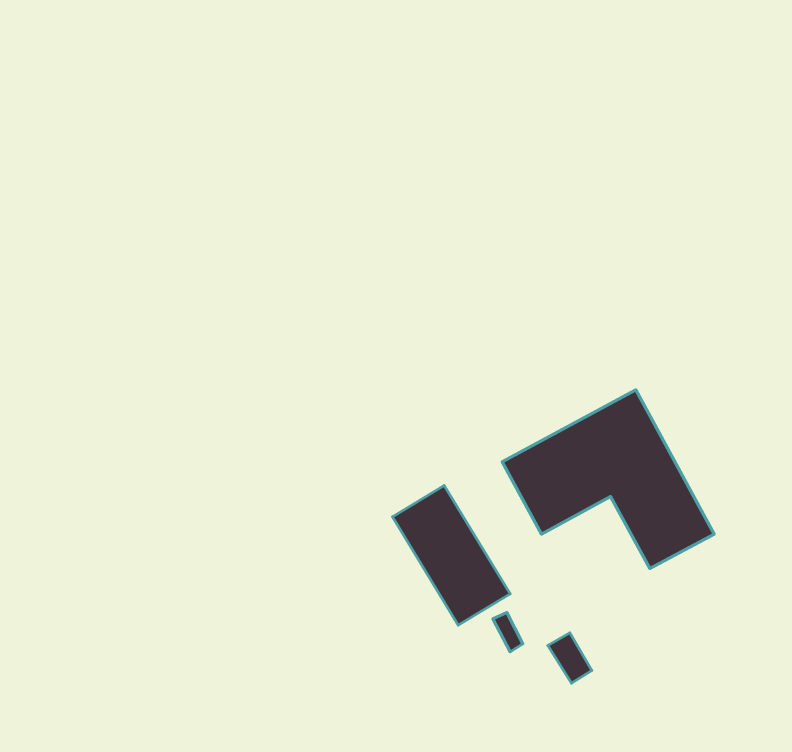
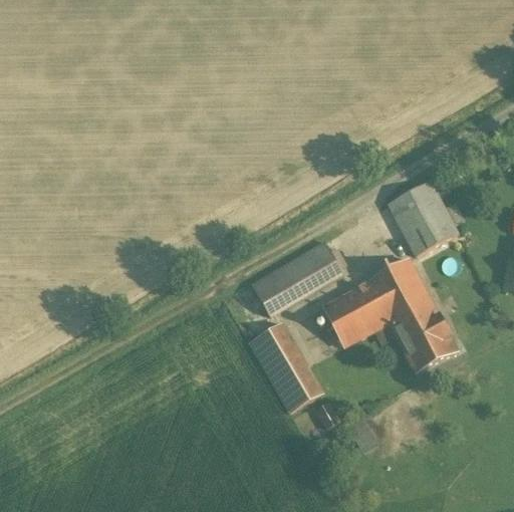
building: none -> [386,178,458,254]
building: none -> [250,244,340,318]

